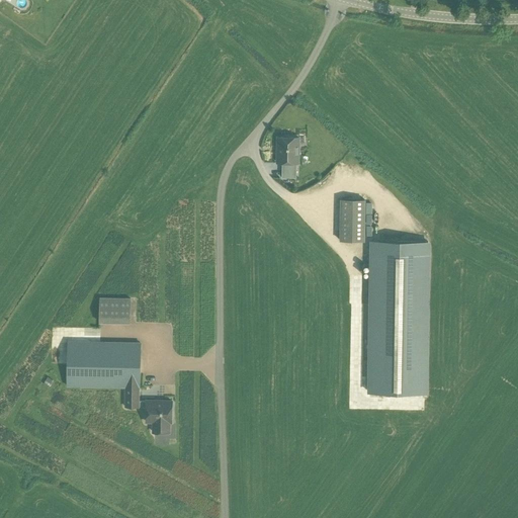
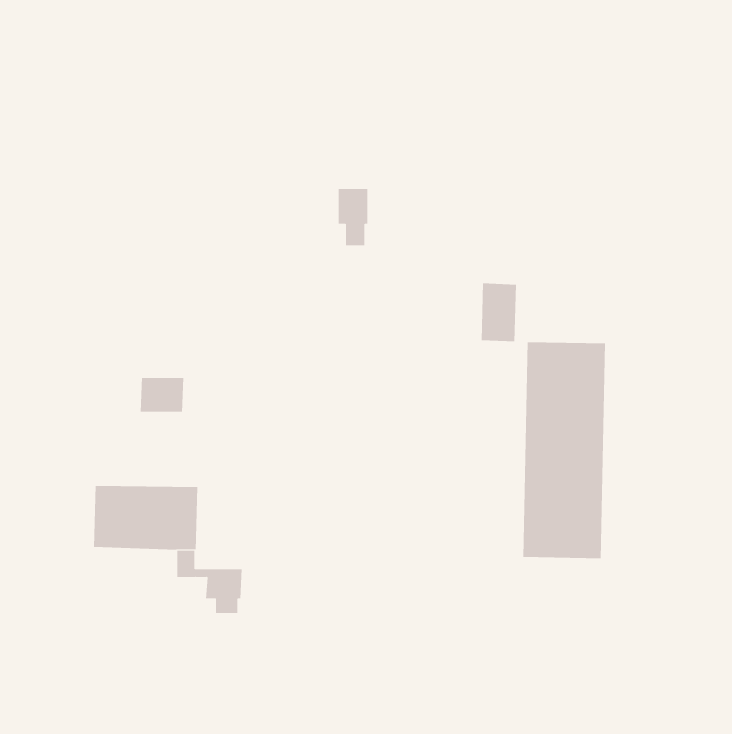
building: [276,138,297,178] -> [338,188,368,246]
building: [98,298,130,323] -> [140,378,184,412]

